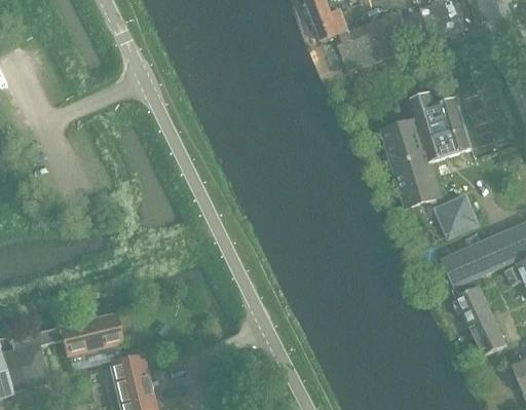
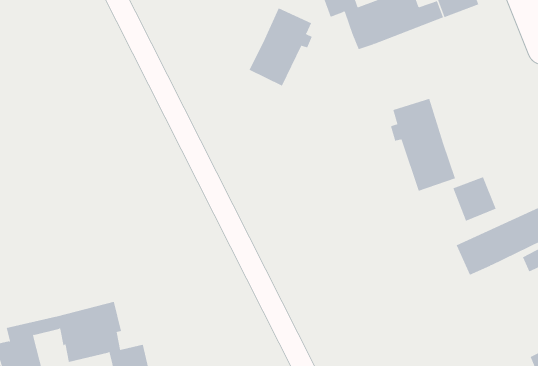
building: none -> [249,7,312,87]
building: [410,90,472,160] -> none
building: [452,277,506,353] -> none

